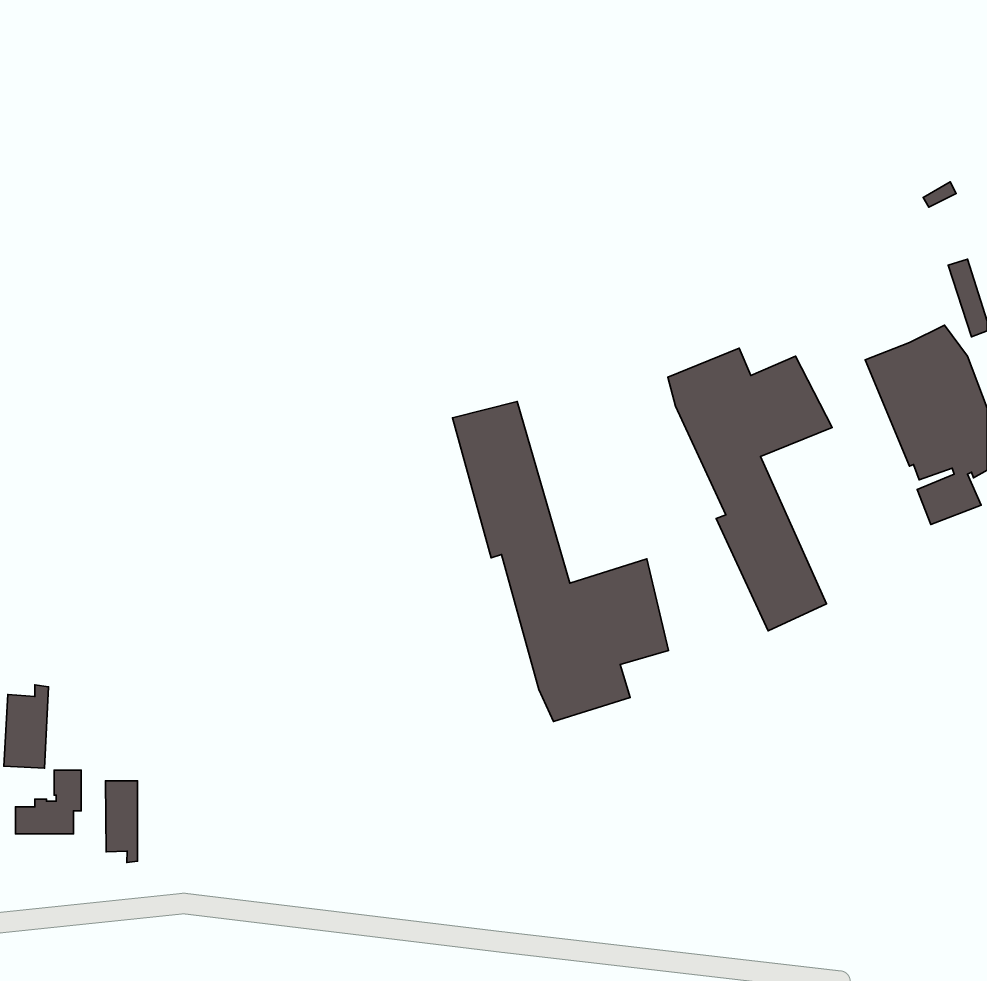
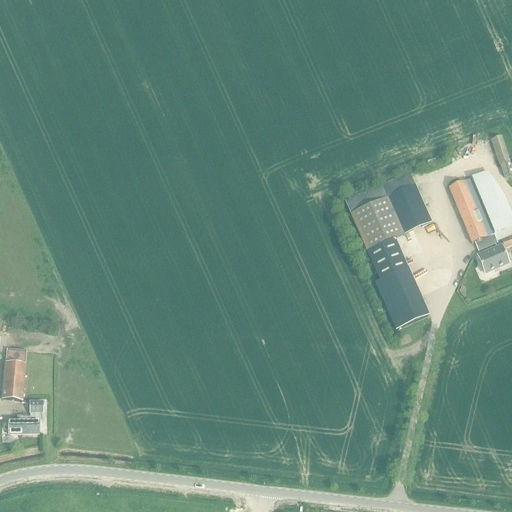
building: [453,402,669,722] -> none
building: [106,781,137,863] -> none

